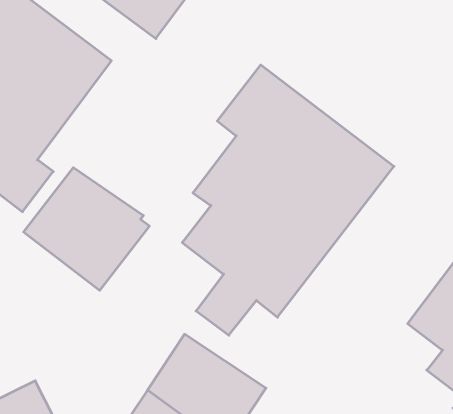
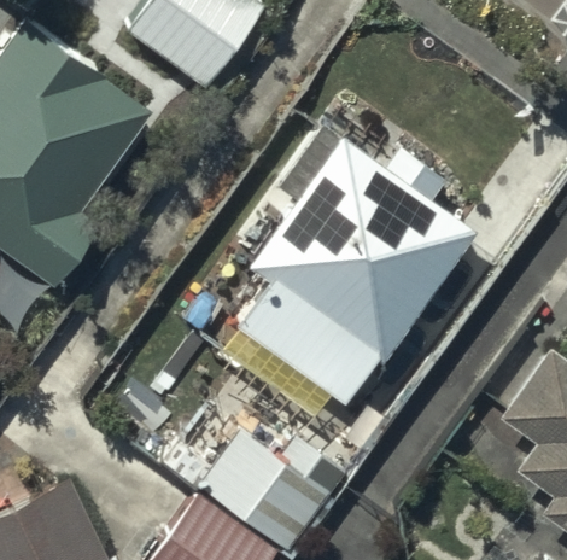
building: [24,168,149,290] -> none

